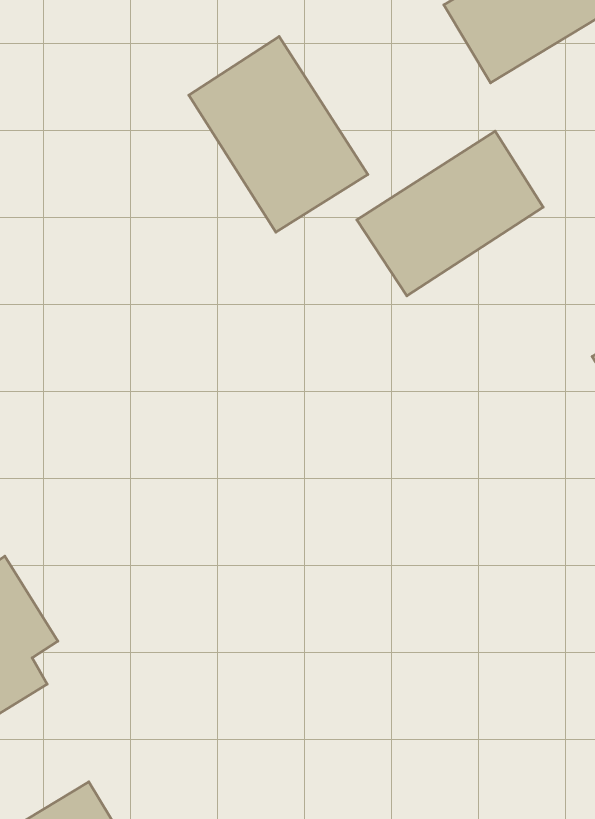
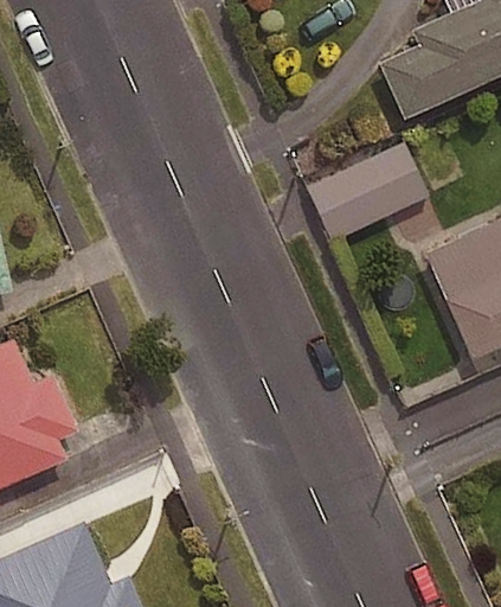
building: [189,36,368,232] -> none

